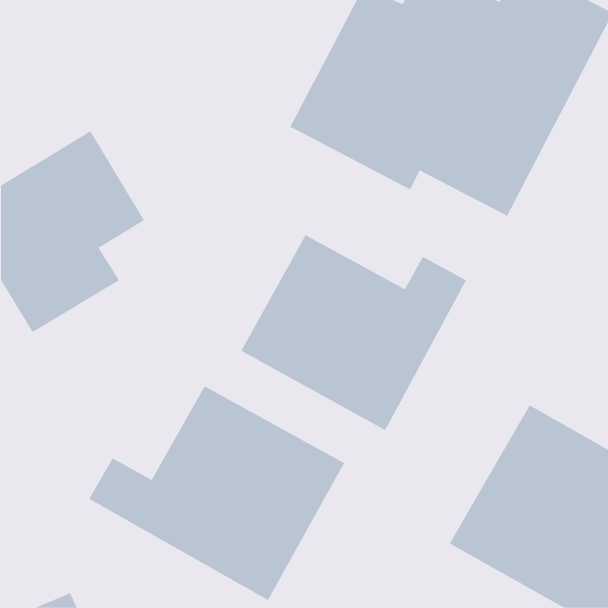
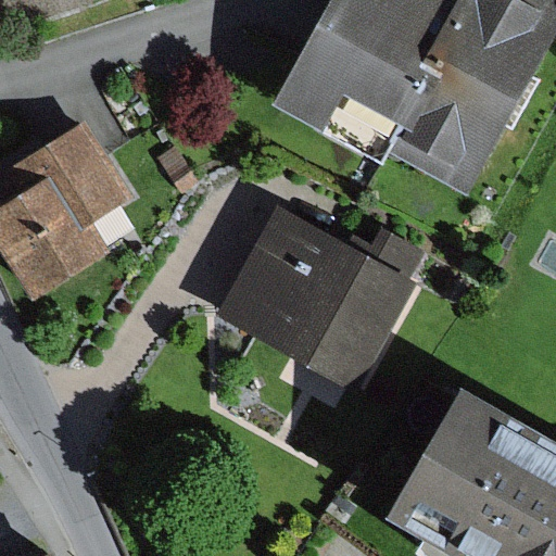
building: [89,386,345,601] -> none

